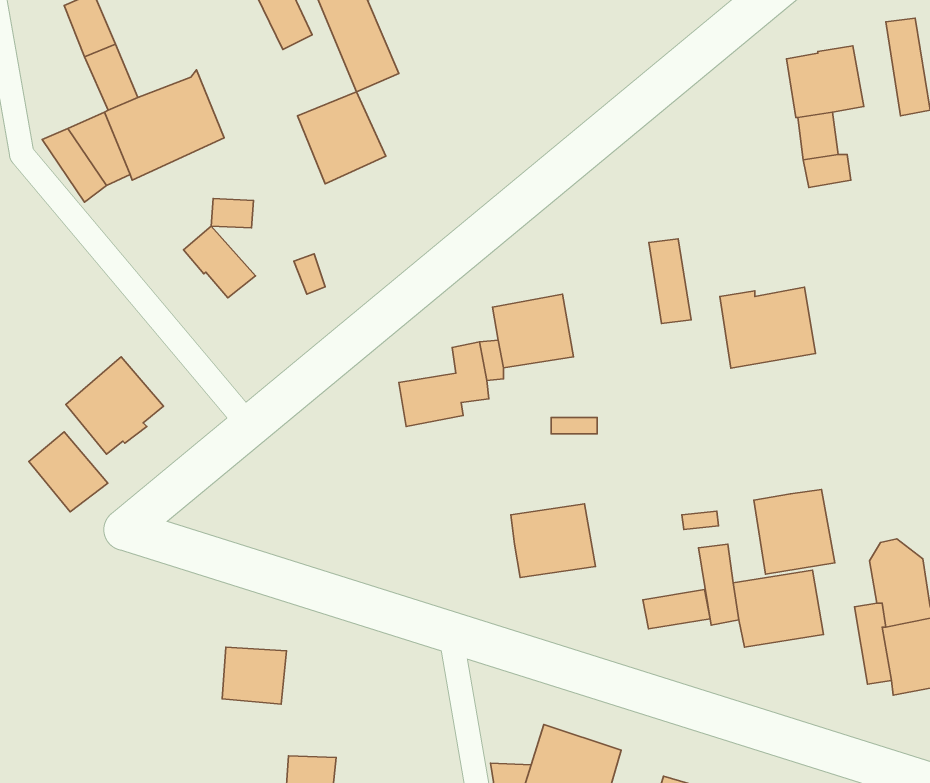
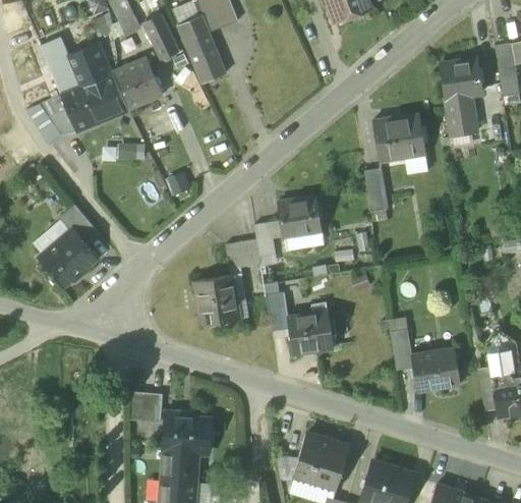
building: none -> [69,45,111,87]
building: [298,92,386,184] -> [114,58,163,109]
building: [184,226,255,298] -> [60,205,100,244]
building: [720,287,815,368] -> [373,115,426,160]
building: [29,432,108,512] -> none
building: none -> [196,275,239,325]
building: none -> [268,299,290,337]
building: [754,489,835,574] -> none
building: [643,589,710,629] -> none
building: none -> [163,410,211,454]

